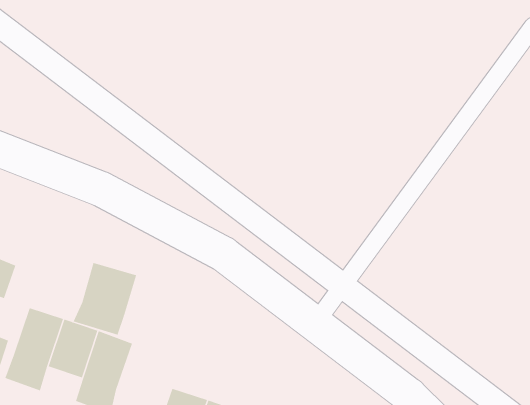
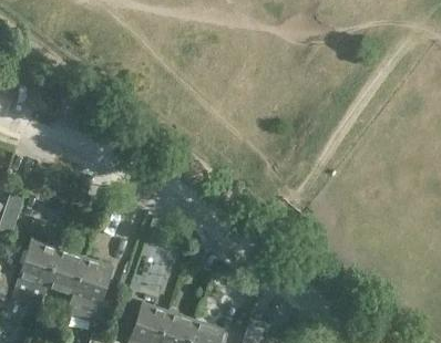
building: [73,262,137,336] -> none

